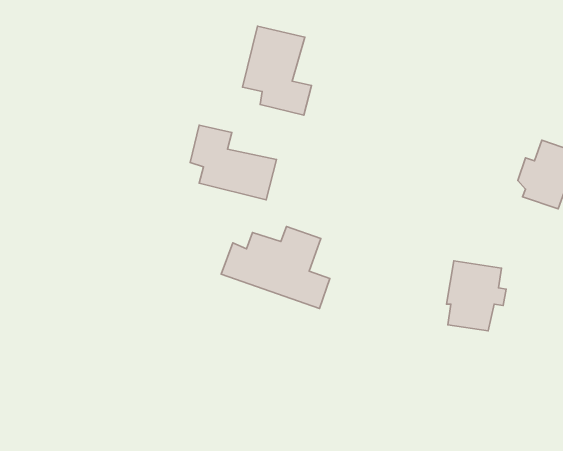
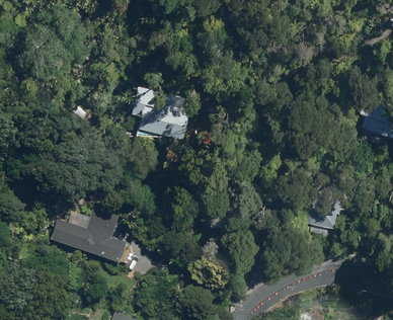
building: [243,26,312,115] -> none
building: [221,226,330,308] -> [47,213,121,268]

